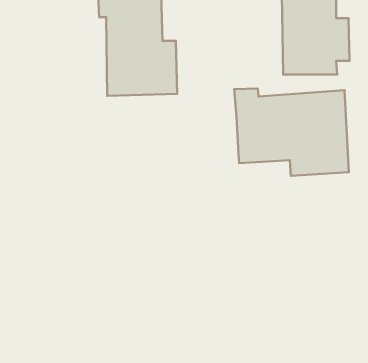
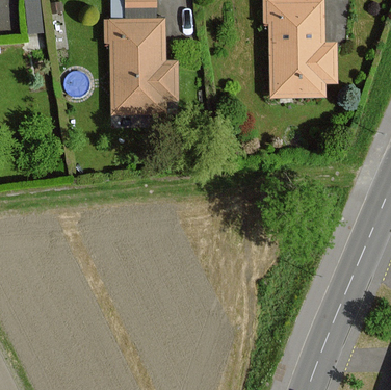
building: [234,89,349,176] -> none

